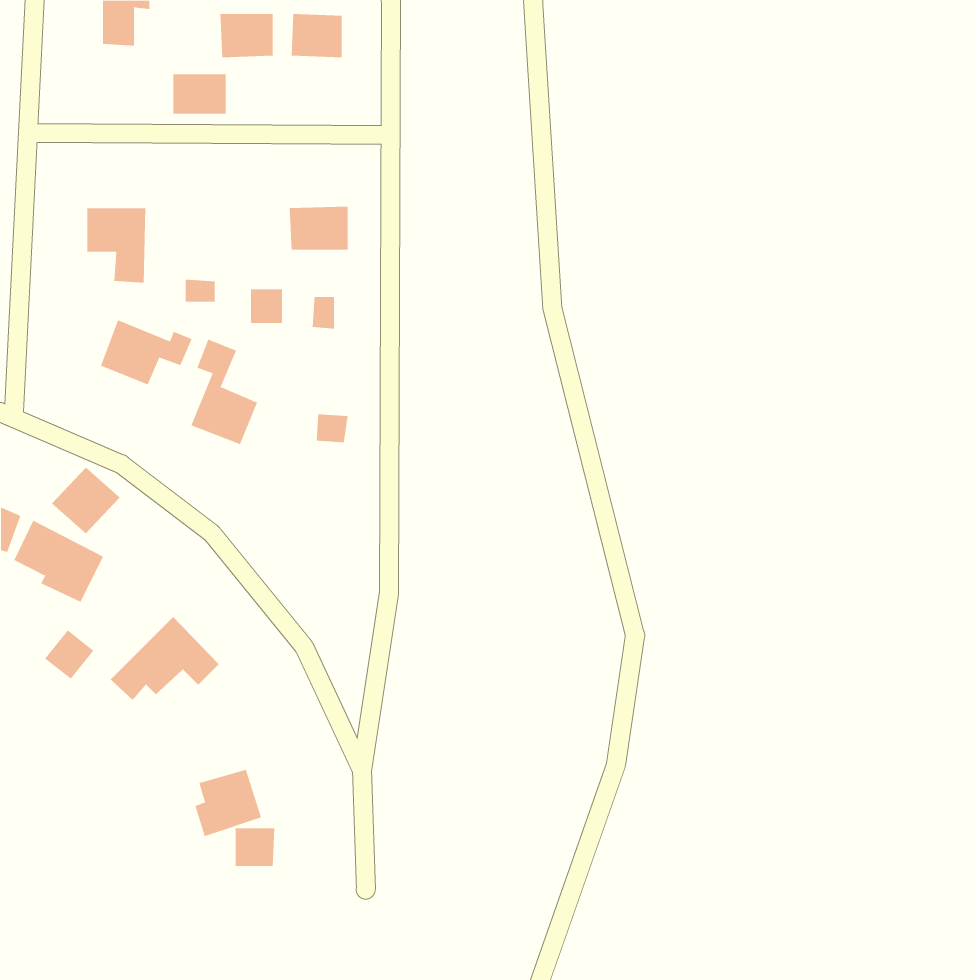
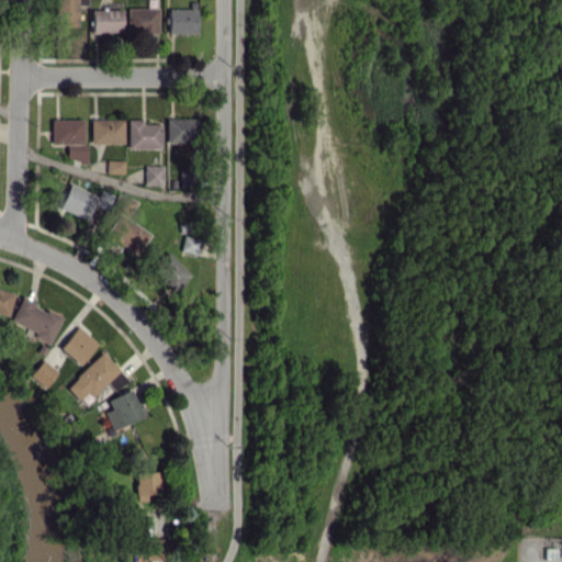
building: [173,74,226,114] -> [94,11,125,34]
building: none -> [93,121,126,145]
building: none -> [131,121,164,150]
building: none -> [155,254,194,293]
building: [51,467,120,534] -> [60,328,100,367]
building: [194,769,262,837] -> [106,392,145,430]

